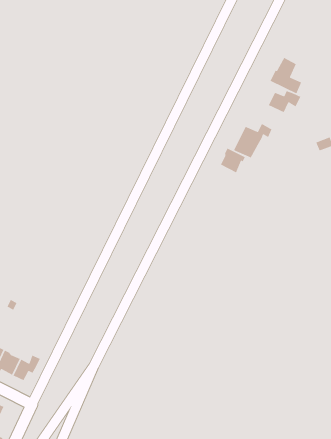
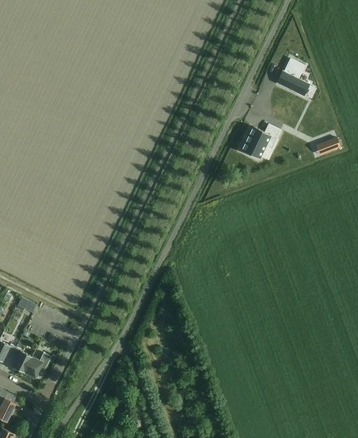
building: [268,90,301,113] -> none
building: [220,147,246,173] -> none

